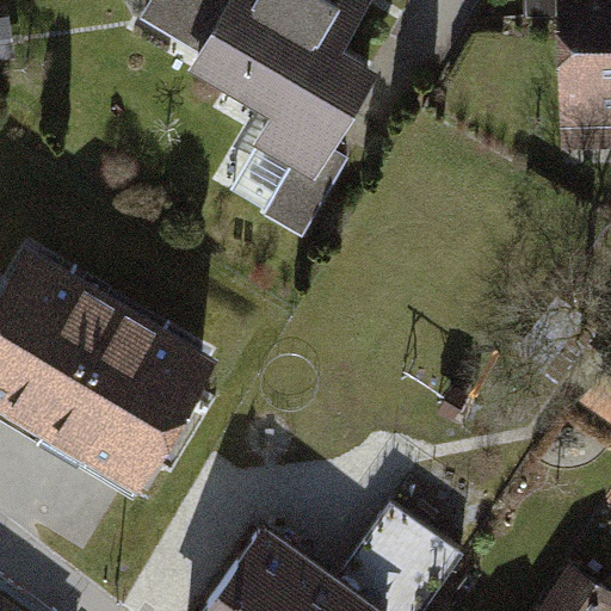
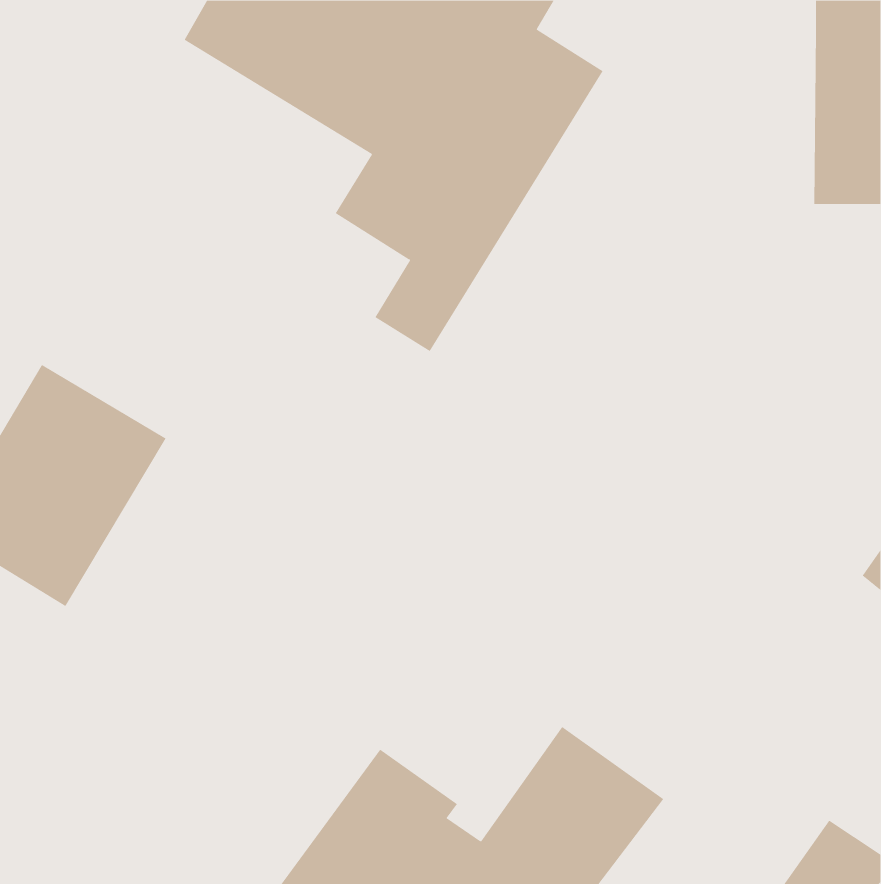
building: [45,303,200,470] -> none

